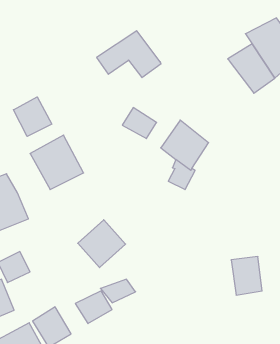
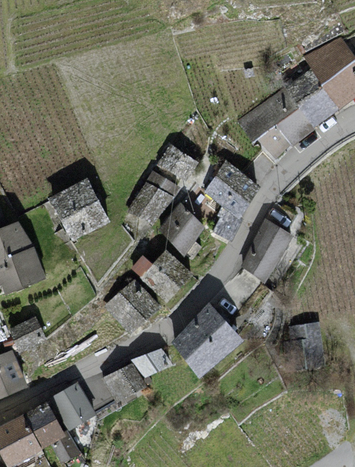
building: [97,31,161,78] -> [238,90,315,146]
building: [13,97,52,136] -> none
building: none -> [127,171,180,225]
building: none -> [159,201,205,256]
building: none -> [241,218,292,282]
building: none -> [130,249,193,302]
building: none -> [171,302,243,378]

